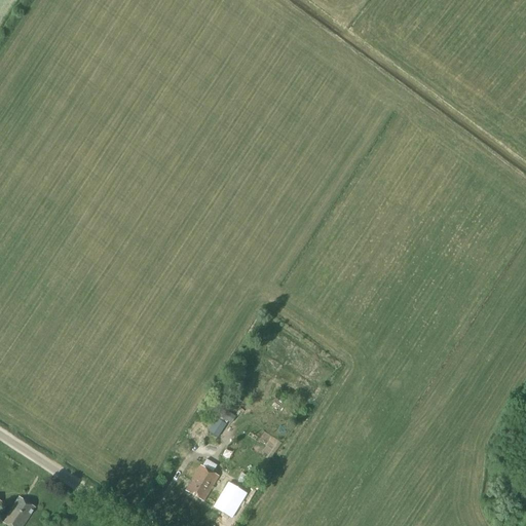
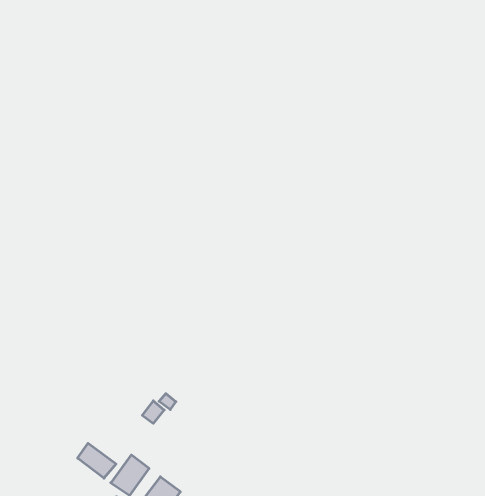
building: none -> [78,443,116,478]

